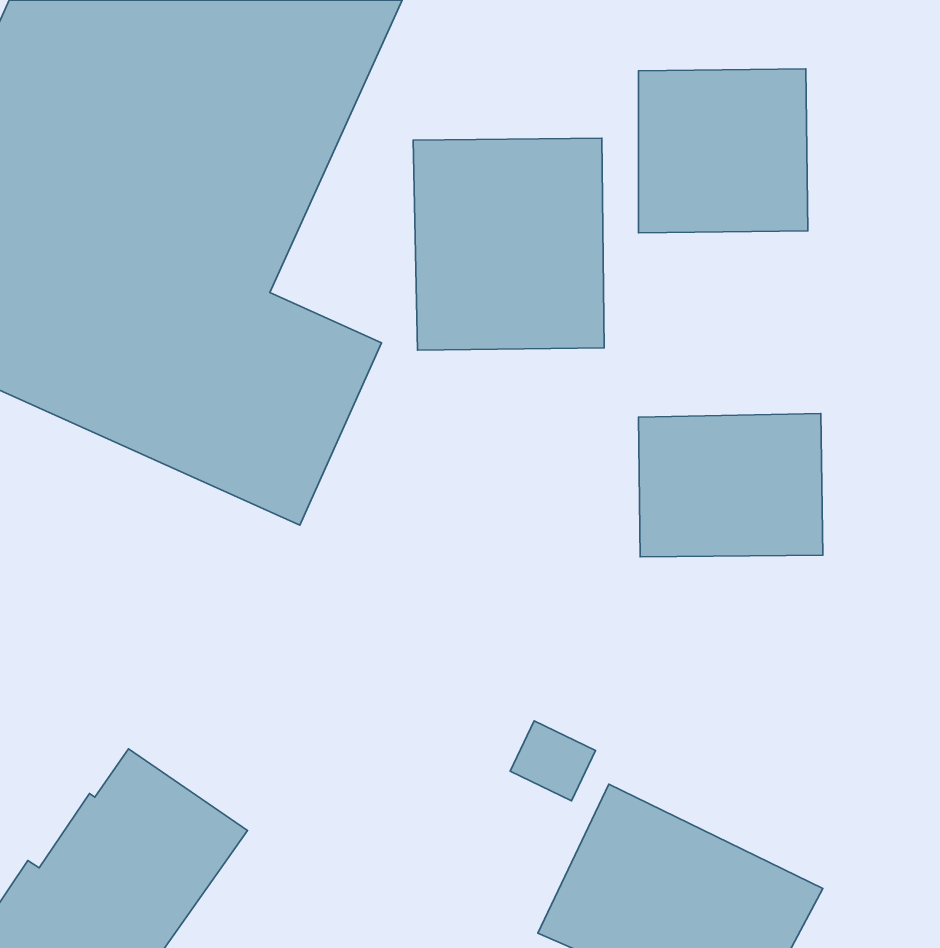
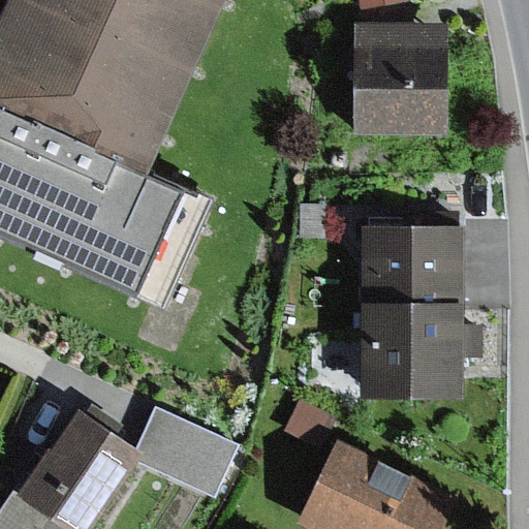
building: [413,138,604,350] -> none
building: none -> [355,310,475,400]
building: none -> [131,406,237,494]

